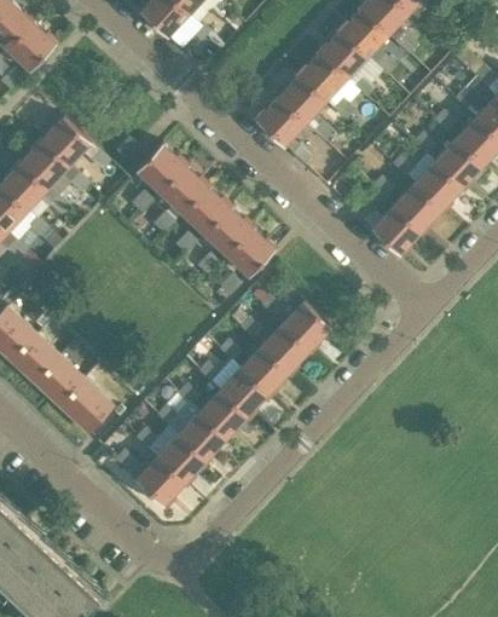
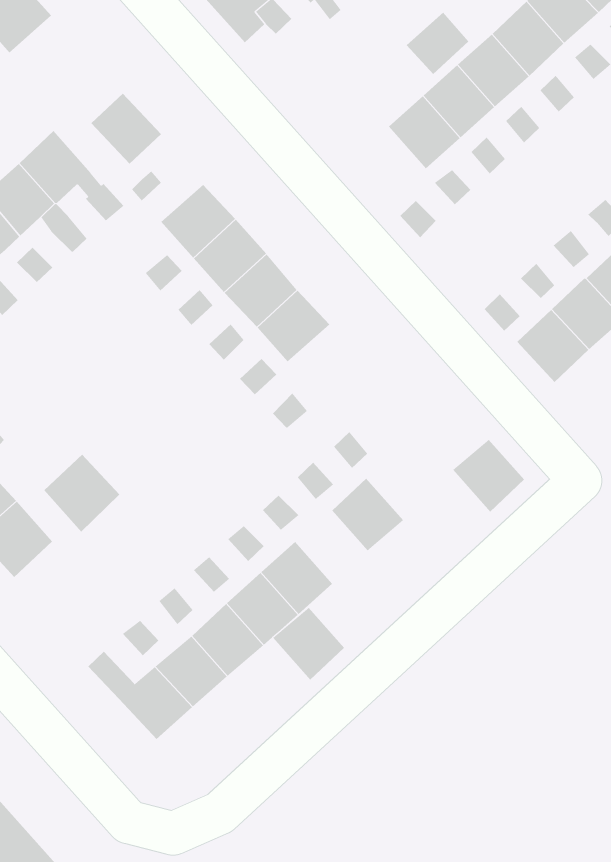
building: none -> [406,12,469,75]
building: none -> [90,93,162,164]
building: [256,97,305,145] -> none
building: [226,227,274,276] -> none
building: [283,302,330,350] -> [453,439,525,512]
building: [241,347,288,394] -> [272,607,345,681]
building: [62,382,111,433] -> [44,454,120,533]

